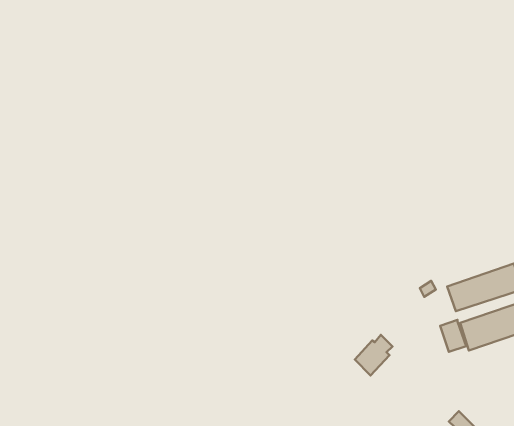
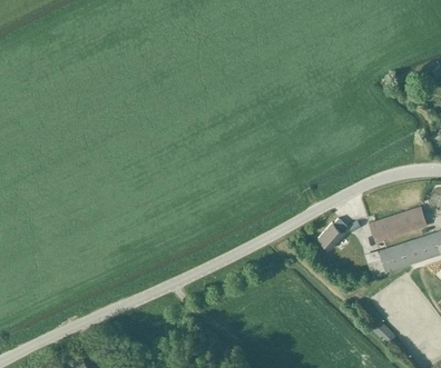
building: [355,335,392,375] -> [318,219,347,250]

